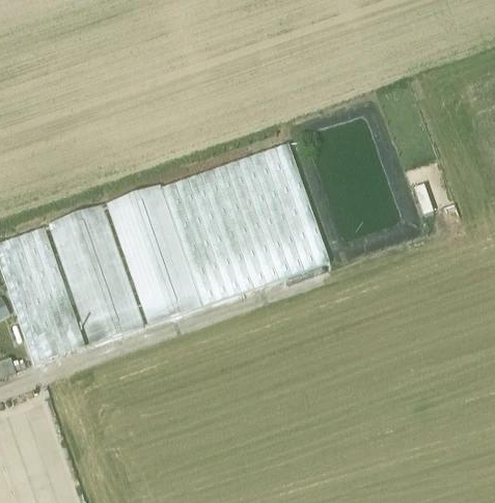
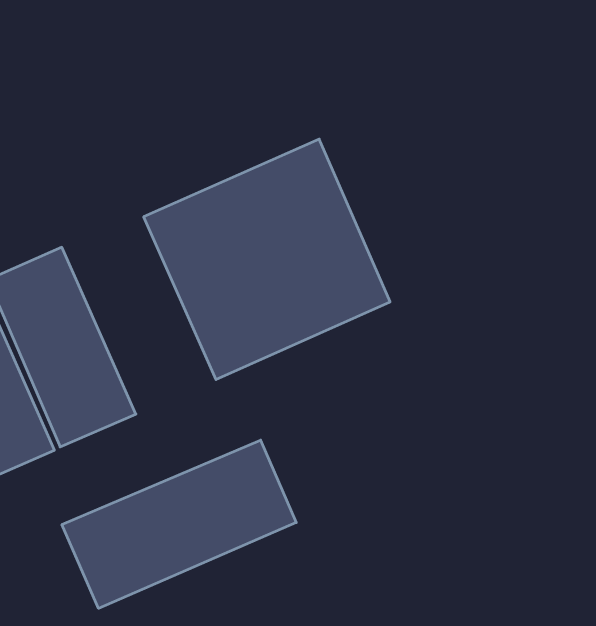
building: [106,185,202,325] -> none
building: none -> [62,440,296,608]

